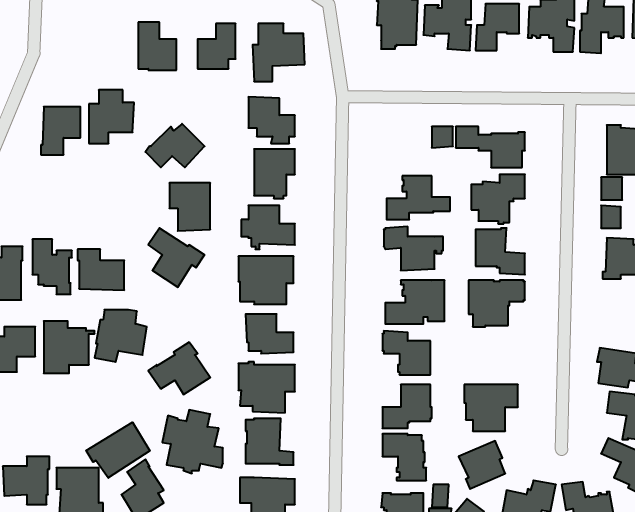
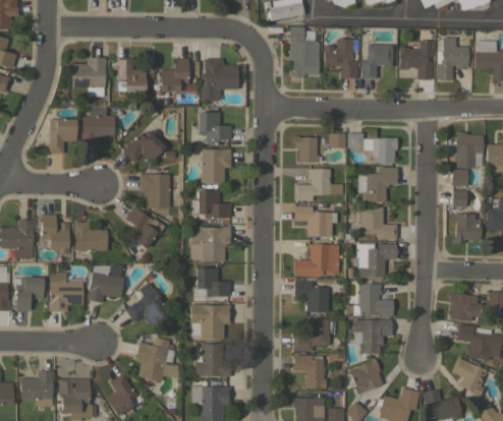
building: none -> [72,57,106,96]
building: none -> [295,135,320,163]
building: none -> [346,282,393,316]
building: [86,422,150,478] -> none

